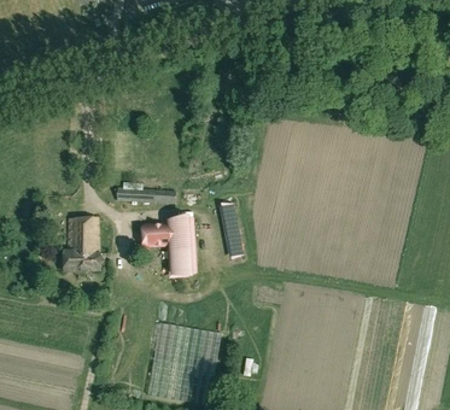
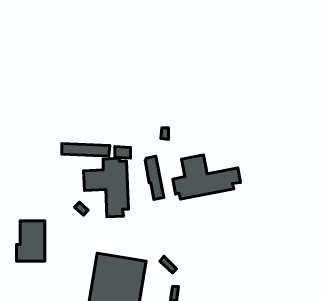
building: none -> [173,155,240,199]
building: [64,219,99,269] -> [16,221,45,261]

